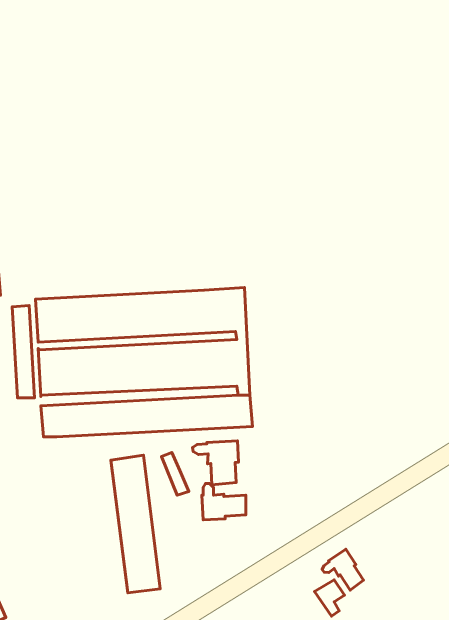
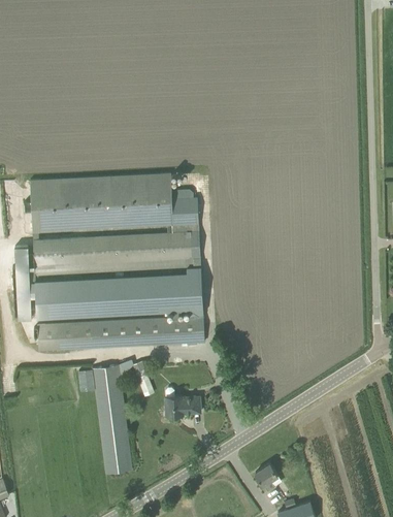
building: none -> [29,174,198,234]
building: [193,441,239,485] -> none
building: [322,549,363,590] -> none

